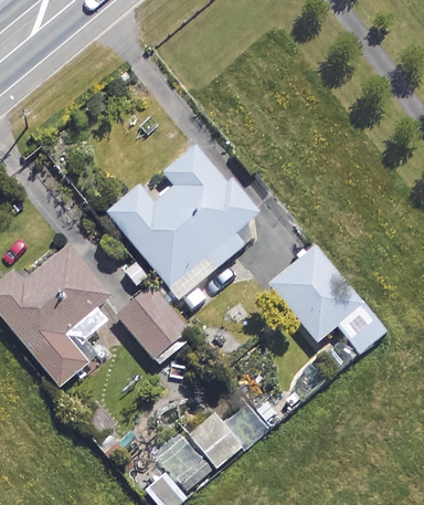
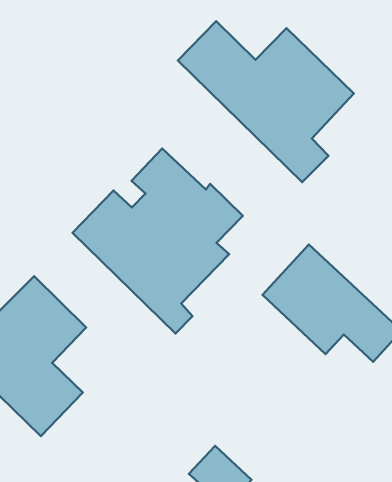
building: none -> [178,21,354,182]
building: [118,287,190,362] -> none

